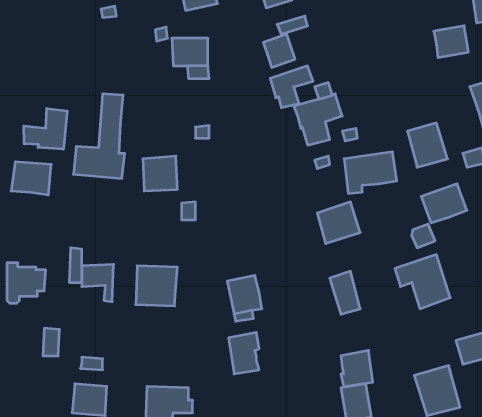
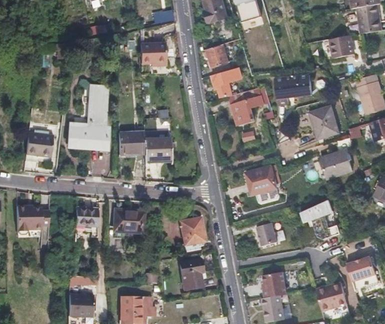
building: [24,108,67,149] -> none
building: [344,152,397,193] -> [275,72,313,102]
building: none -> [146,138,170,159]

